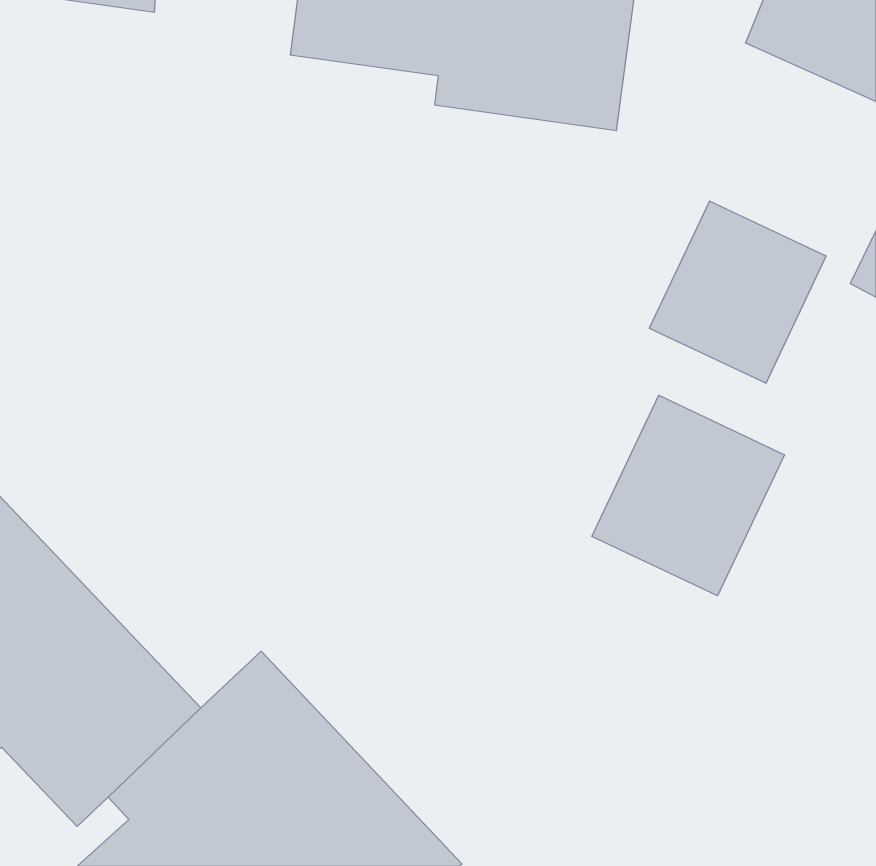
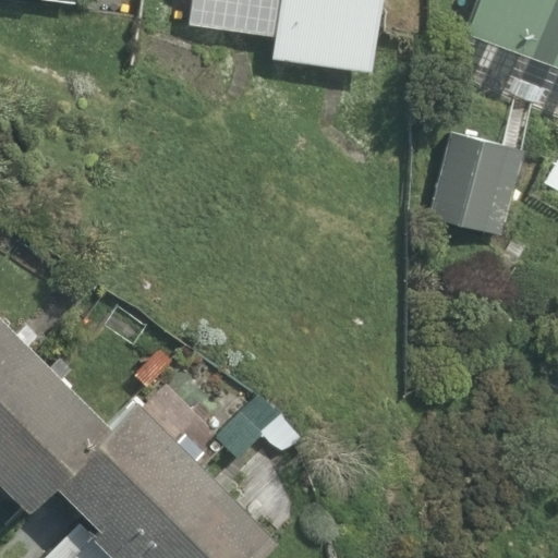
building: [592,395,784,596] -> none

